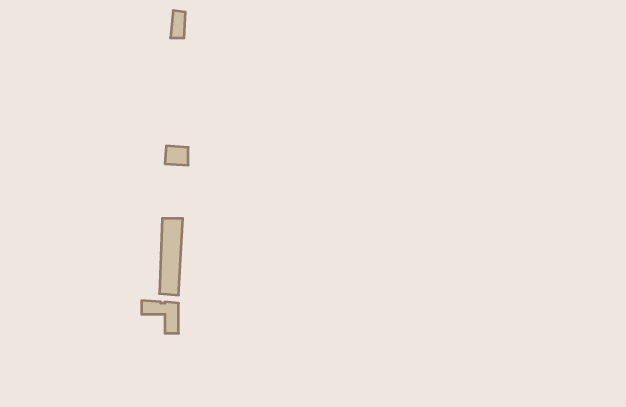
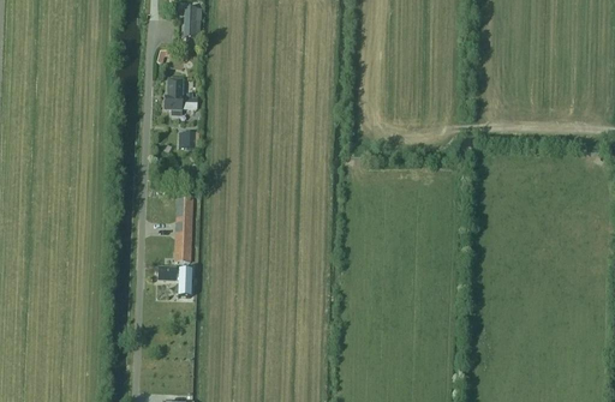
building: none -> [165,76,197,114]

